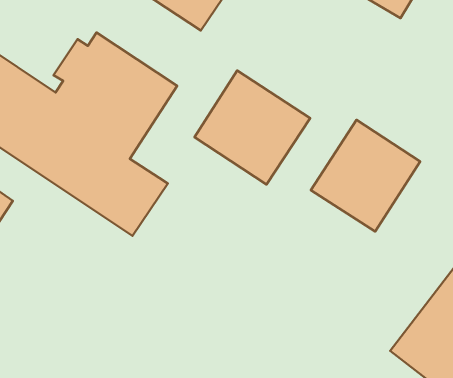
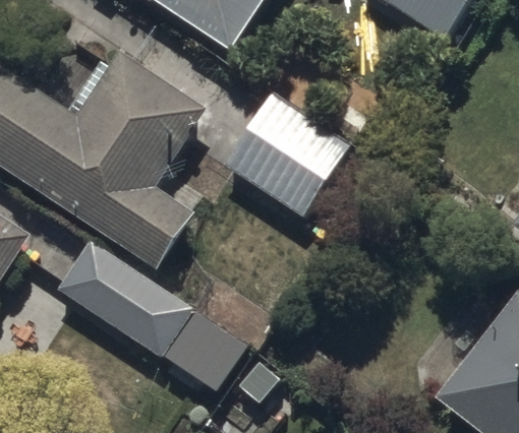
building: [311,120,420,232] -> none
building: none -> [57,238,253,395]

